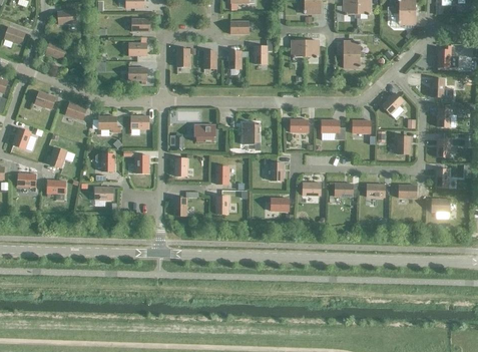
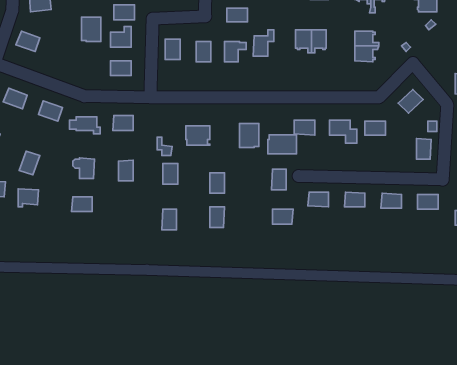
building: none -> [82,17,101,41]
building: none -> [268,135,297,154]

